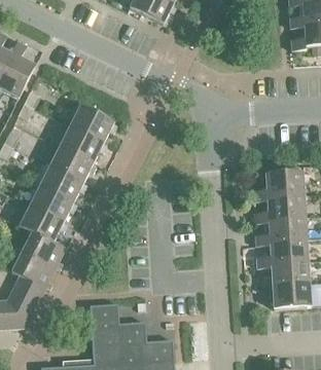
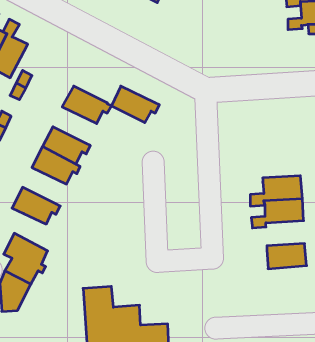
building: [60,125,107,161] -> [111,86,159,123]
building: [253,171,304,200] -> none
building: [30,185,77,221] -> none
building: [22,230,66,269] -> none
building: [256,237,308,267] -> none
building: [272,282,311,307] -> none

